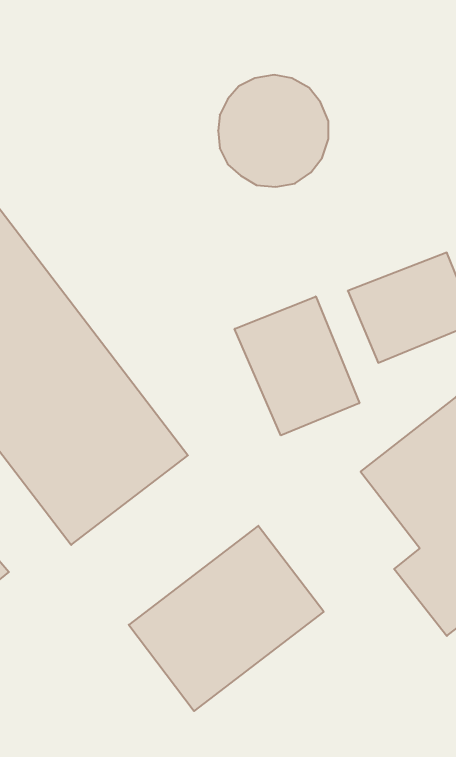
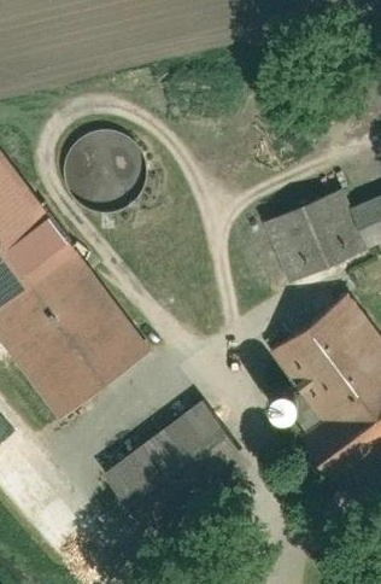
building: [218,75,328,187] -> [61,122,145,206]
building: [235,296,359,435] -> none

